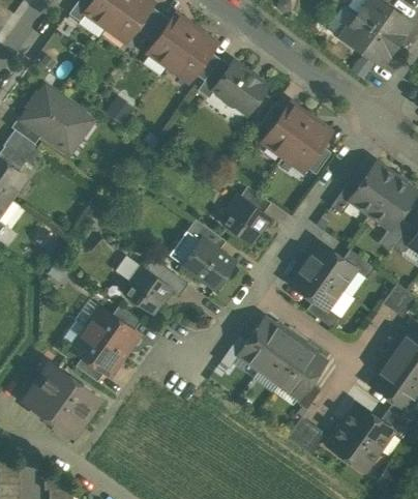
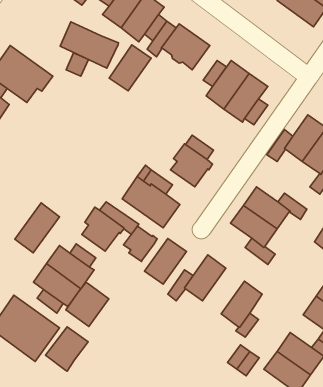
building: none -> [60,22,118,68]
building: none -> [109,45,151,91]
building: none -> [15,203,59,253]
building: none -> [124,226,157,261]
building: [259,333,305,384] -> [145,238,187,284]
building: none -> [66,282,109,326]
building: none -> [46,327,88,371]

